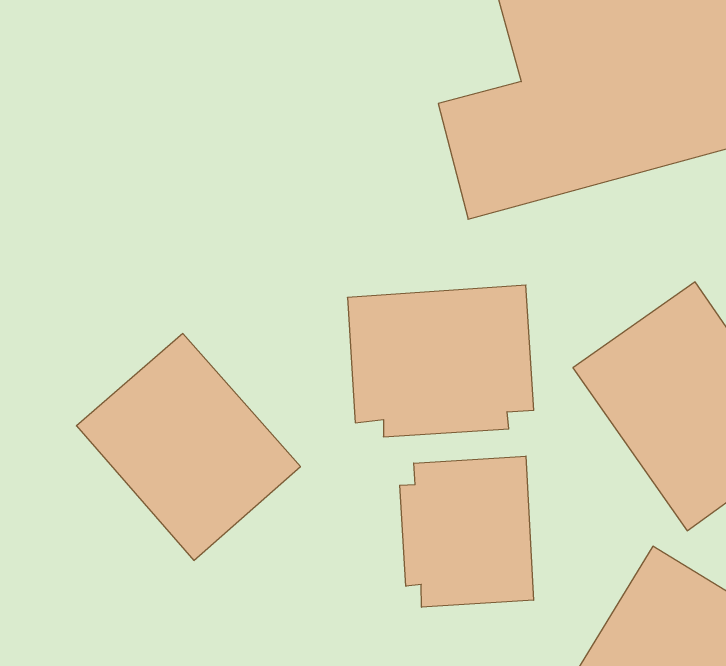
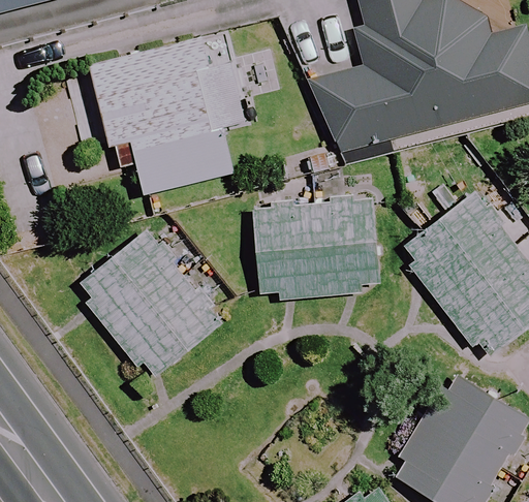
building: none -> [92,40,248,194]
building: [400,456,534,607] -> none

